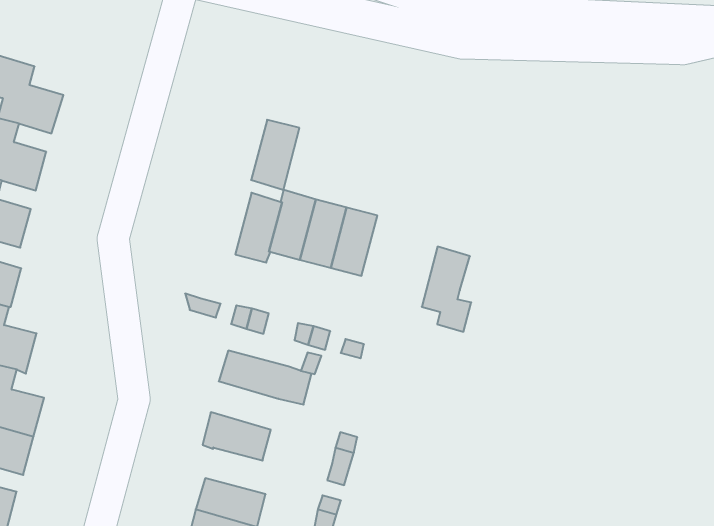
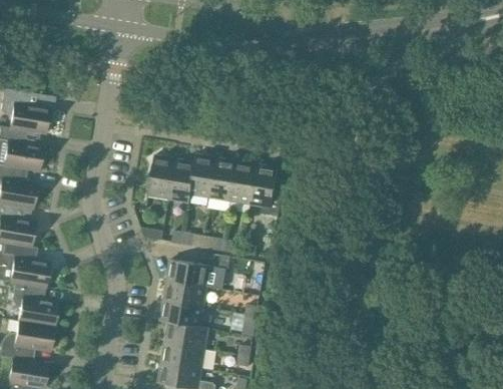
building: [251,120,299,190] -> [148,157,175,201]
building: [422,247,471,332] -> [250,166,282,219]
building: none -> [164,282,206,309]
building: none -> [165,324,208,350]

